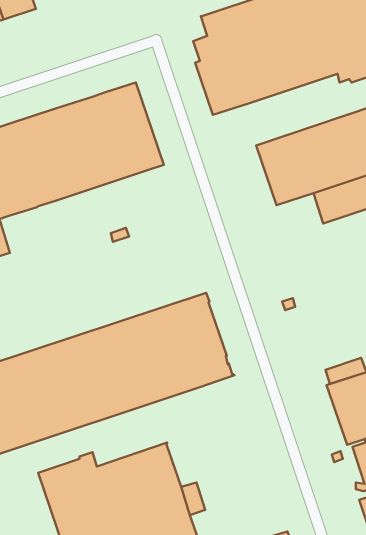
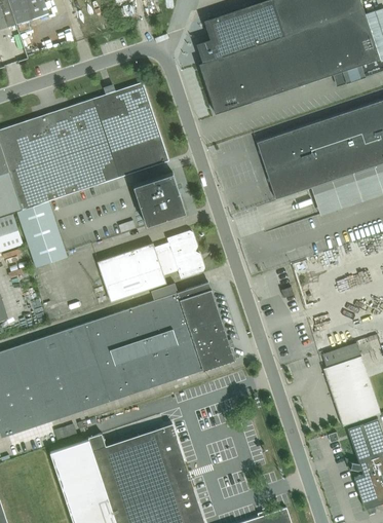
building: none -> [132,173,185,225]
building: none -> [17,200,67,267]
building: none -> [97,231,204,301]

